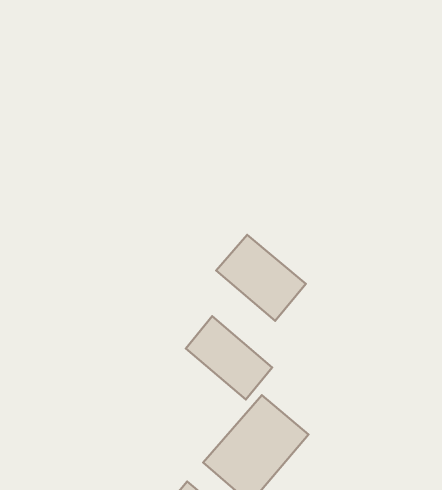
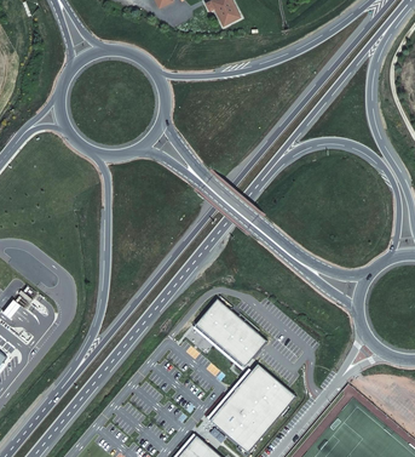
building: [216,235,306,321] -> none

